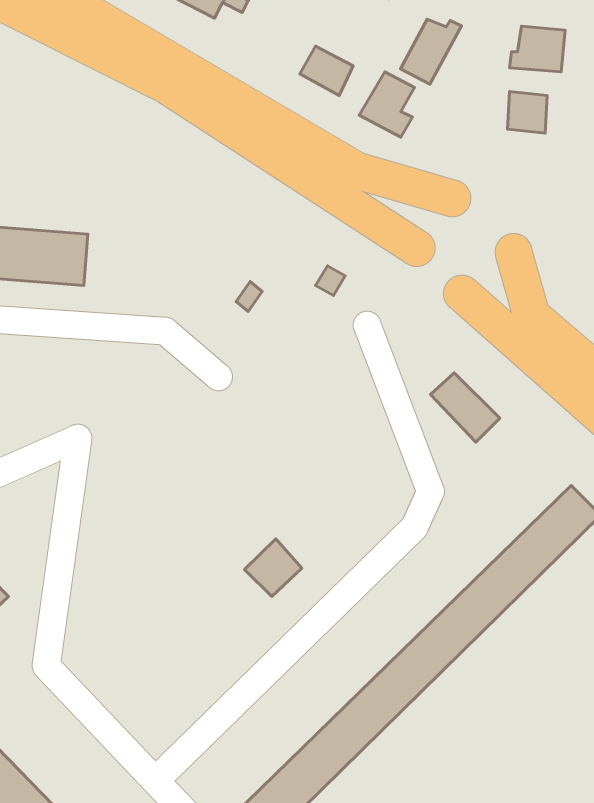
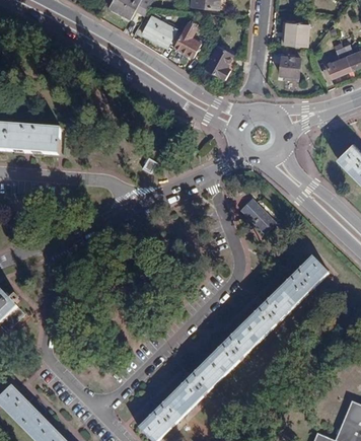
building: none -> [141,14,176,47]
building: [401,19,461,84] -> none
building: [245,539,302,596] -> none

